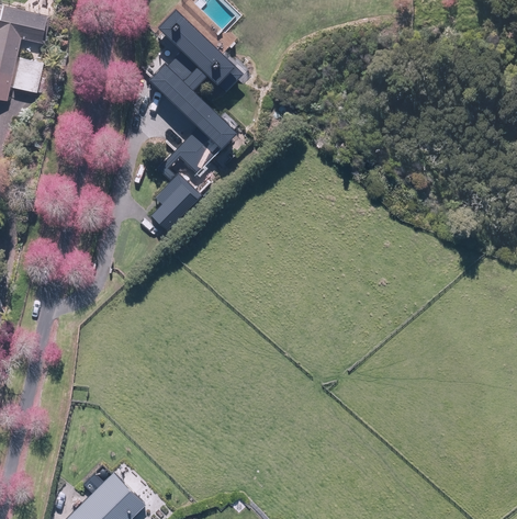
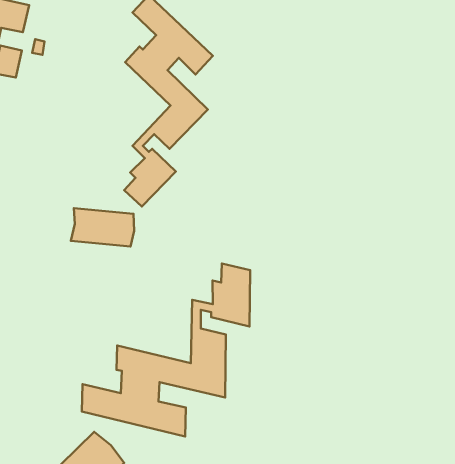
building: none -> [71,208,134,247]
building: none -> [82,263,250,437]

